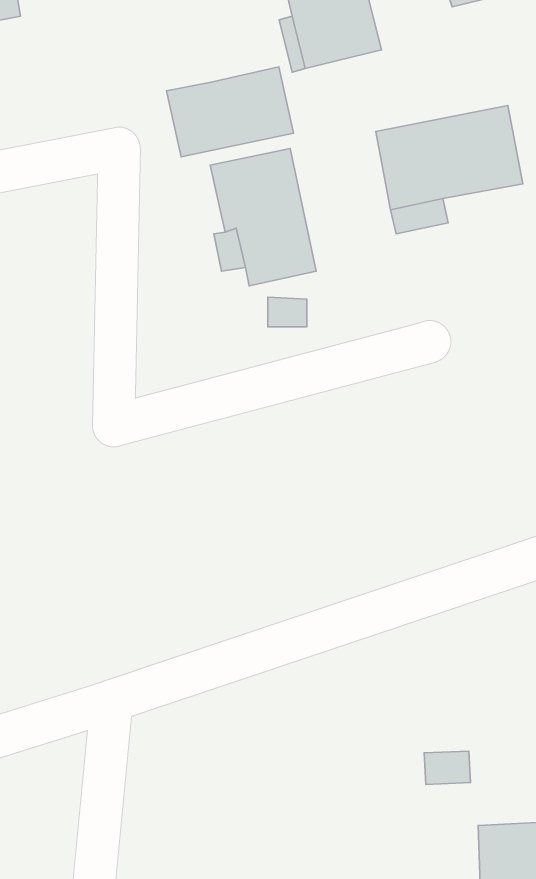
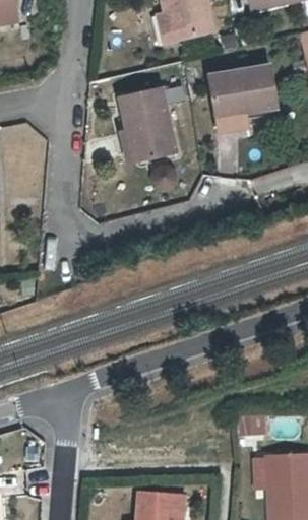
building: [167,67,293,157] -> none

